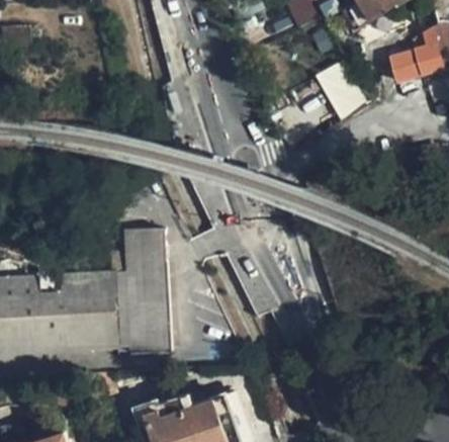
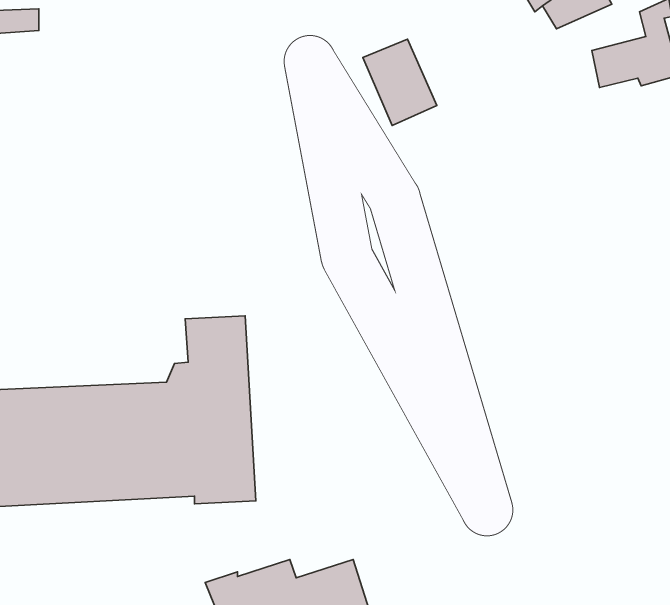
building: [316,58,364,114] -> [363,39,437,125]

